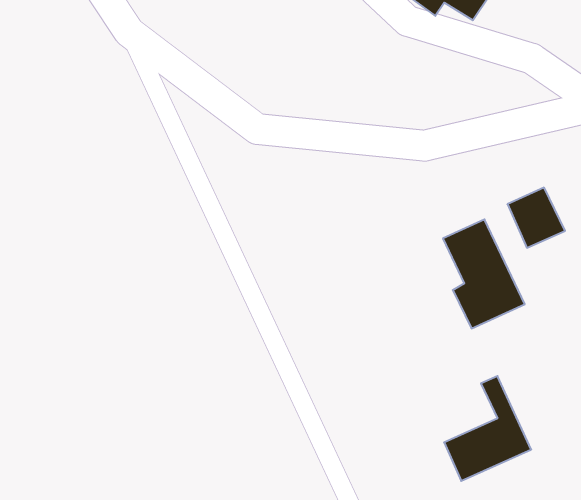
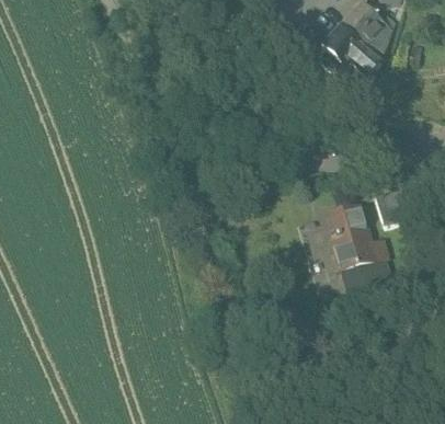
building: [444,376,531,481] -> [342,231,396,294]

